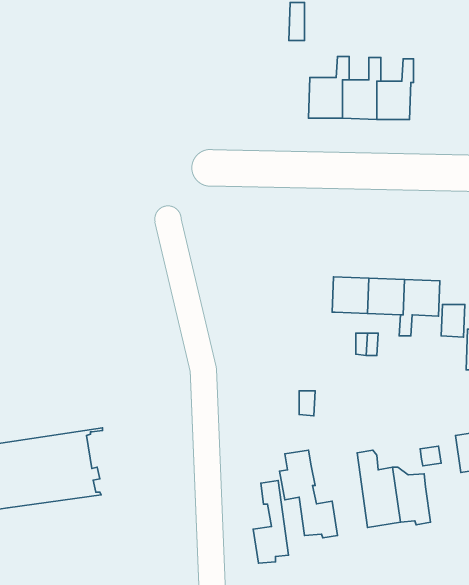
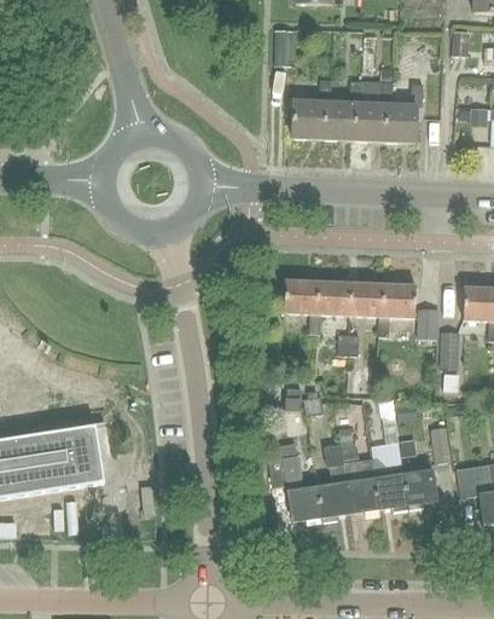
building: none -> [388,82,422,138]
building: none -> [284,280,319,334]
building: [253,480,289,563] -> [316,444,349,520]
building: none -> [402,470,436,508]

